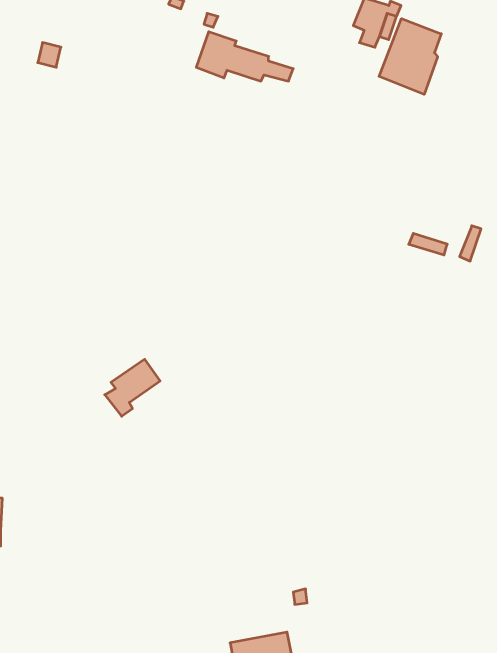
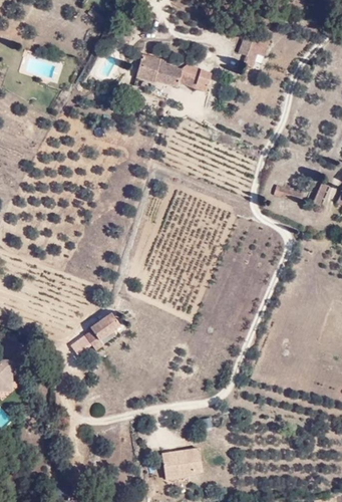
building: [379,19,441,94] -> none
building: [105,359,160,416] -> [84,311,120,348]

